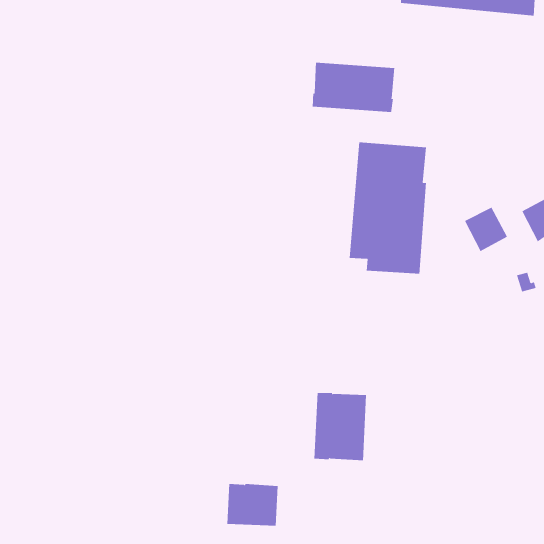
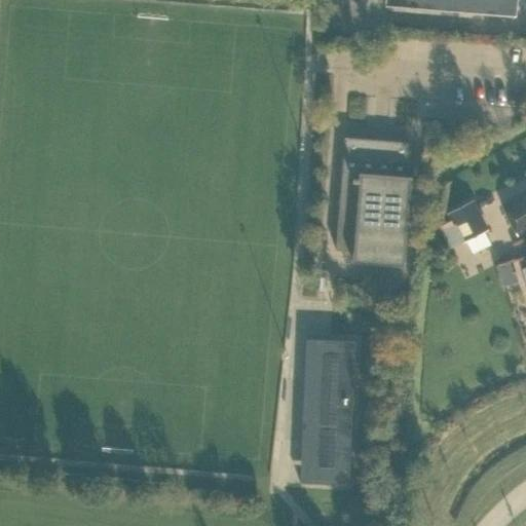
building: [312,62,395,113] -> none
building: none -> [306,339,356,380]
building: [226,484,279,526] -> [301,442,351,483]

